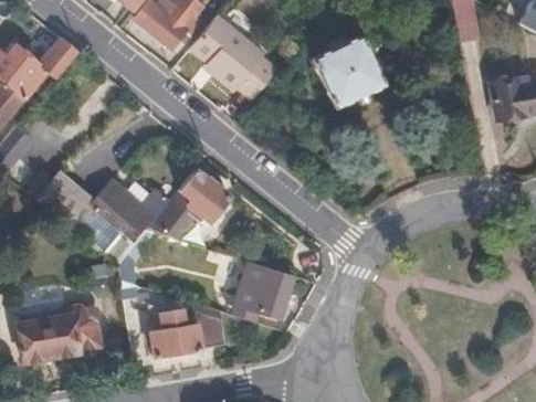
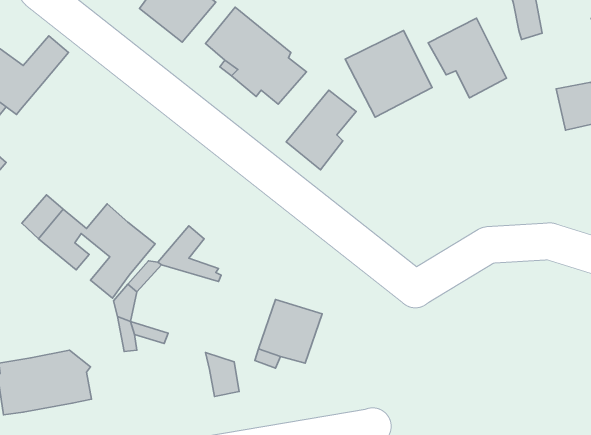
building: none -> [428,18,507,98]
building: none -> [286,90,356,170]
building: [177,170,227,219] -> none
building: [146,309,200,356] -> none

